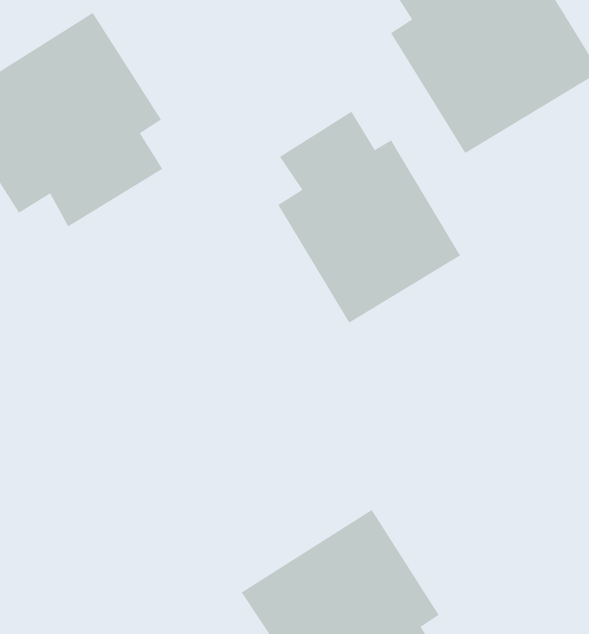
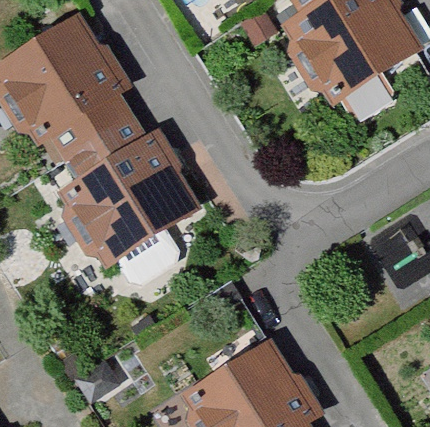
building: [277,111,461,323] -> none
building: none -> [60,114,203,267]

